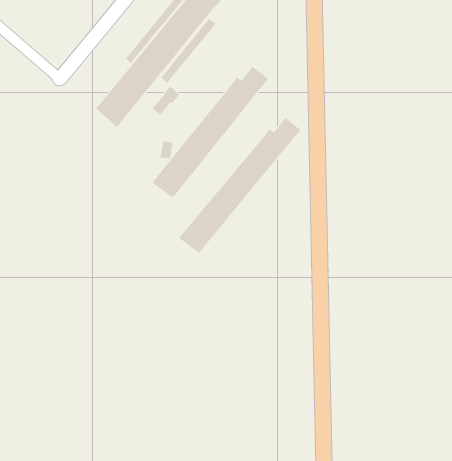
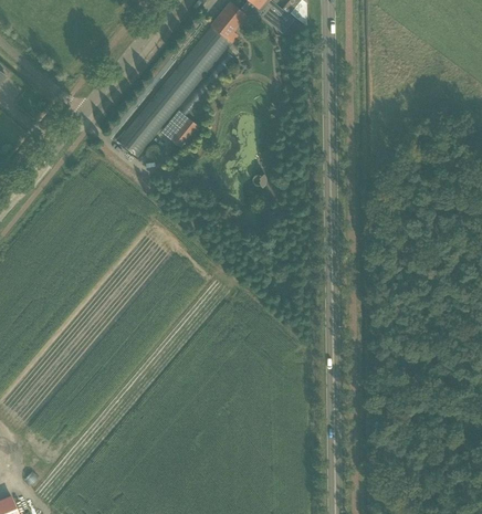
building: [151,66,269,199] -> none
building: [178,117,301,254] -> none

